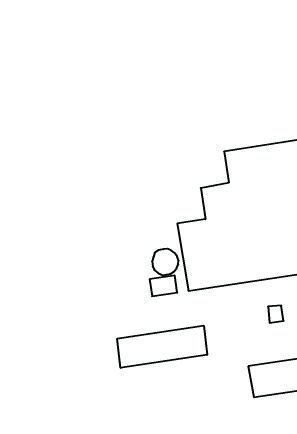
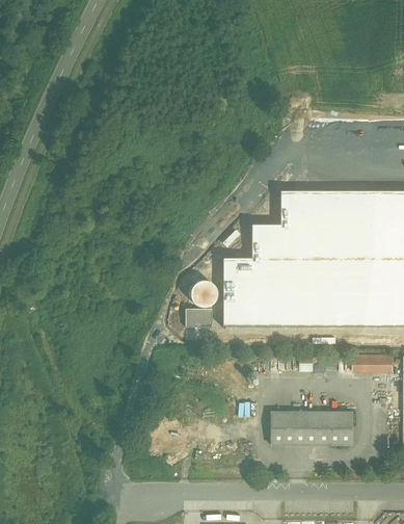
building: [117,326,207,368] -> none

